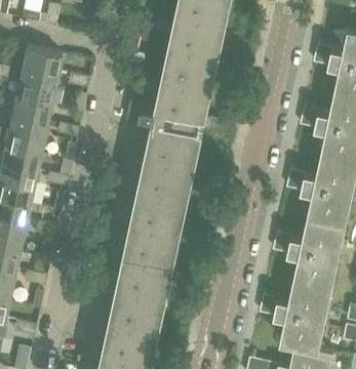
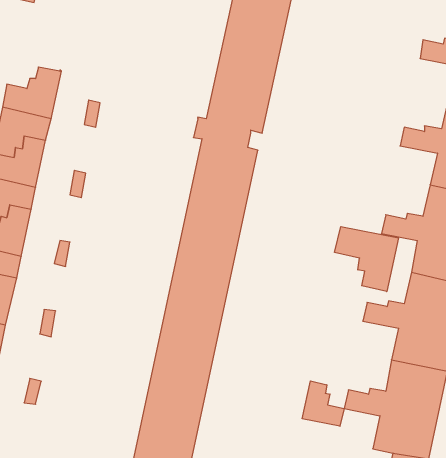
building: [18,45,61,82] -> none
building: none -> [335,227,398,292]
building: none -> [302,381,344,426]

